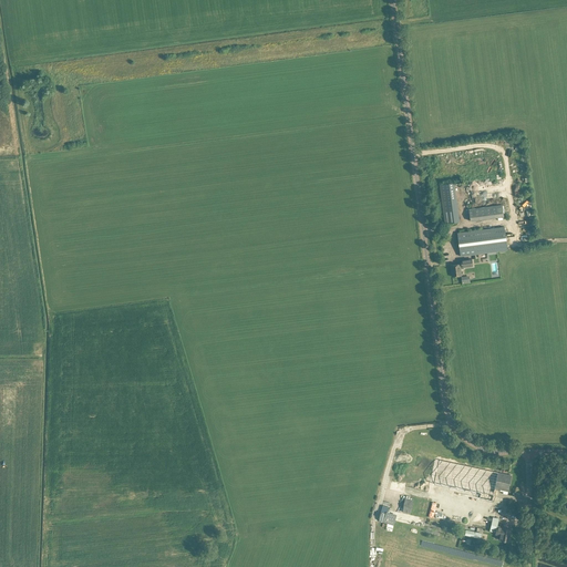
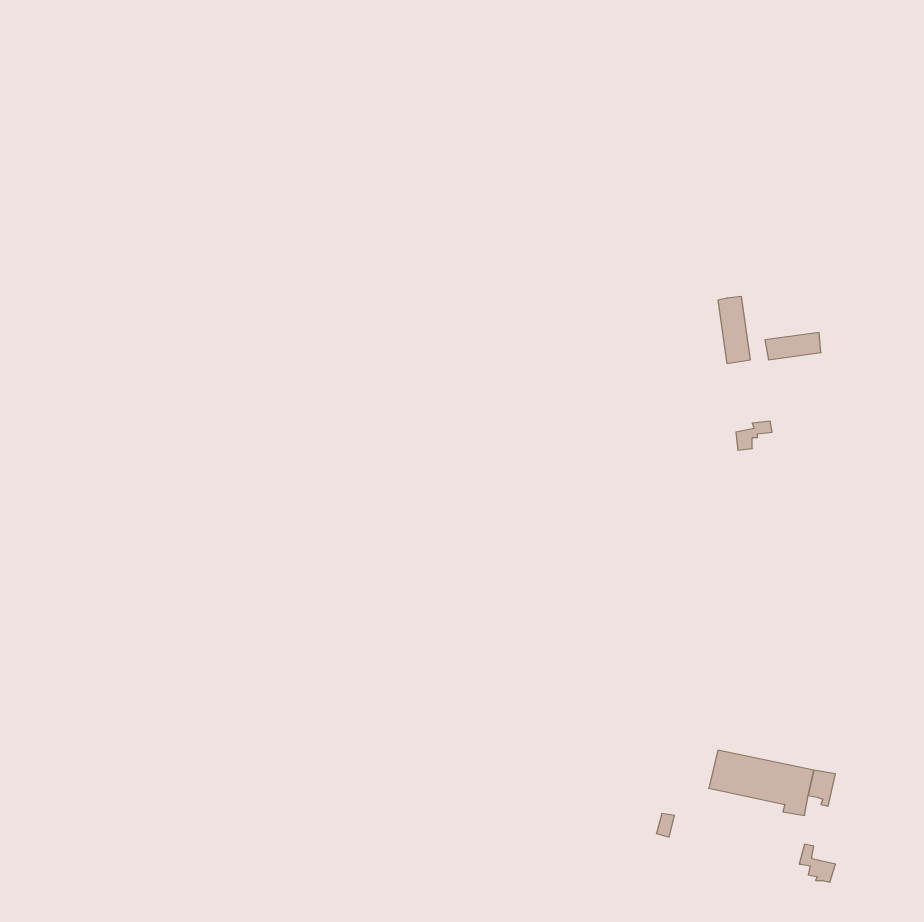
building: [457,226,507,255] -> none

